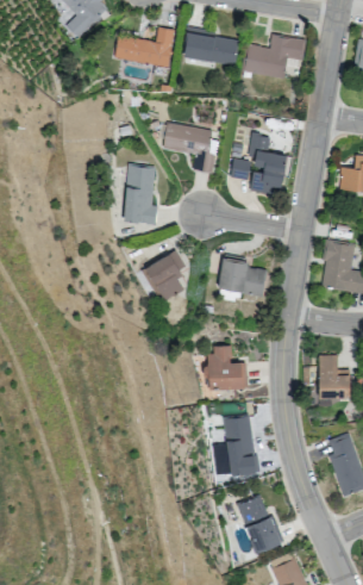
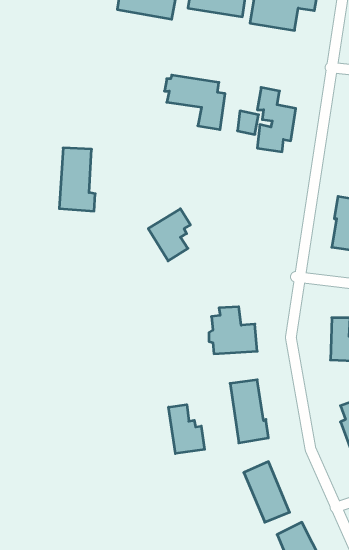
building: [123,163,157,224] -> [59,148,95,211]
building: [217,257,267,297] -> none
building: none -> [169,405,205,454]

